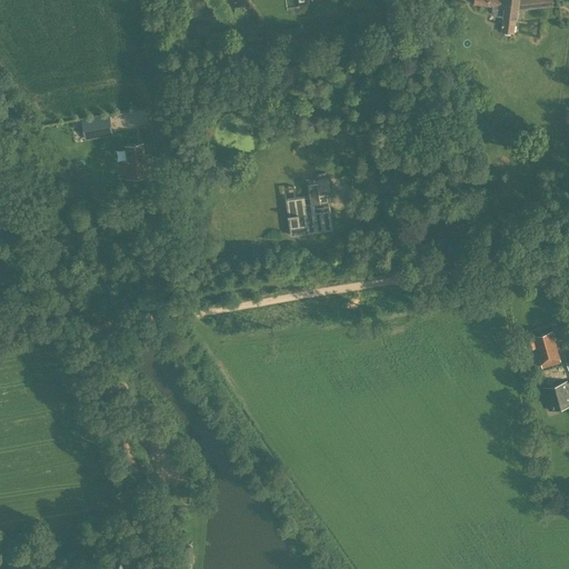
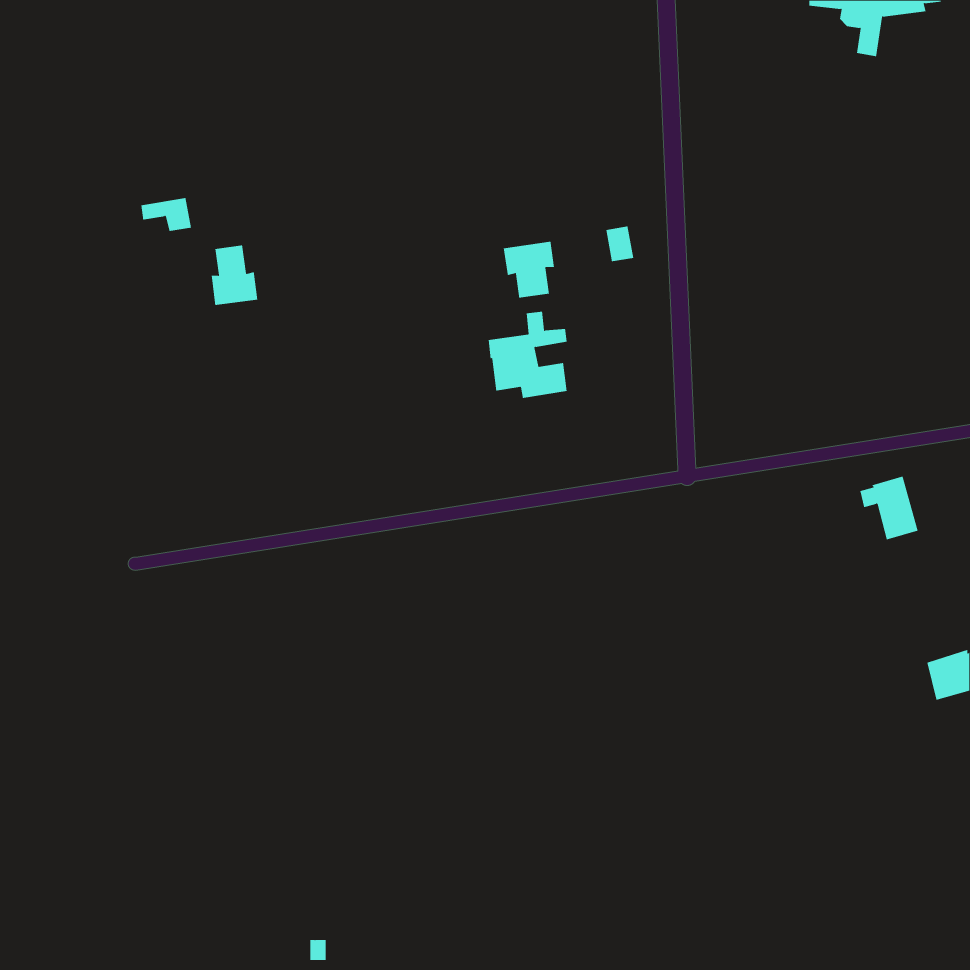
building: none -> [503,241,554,299]
building: [526,330,560,368] -> [860,476,919,540]

